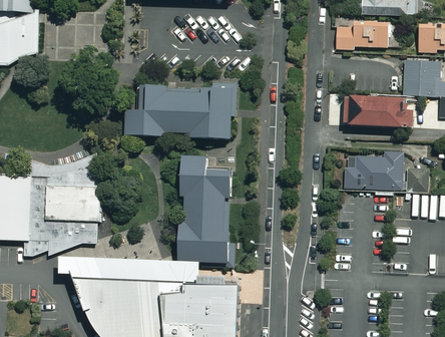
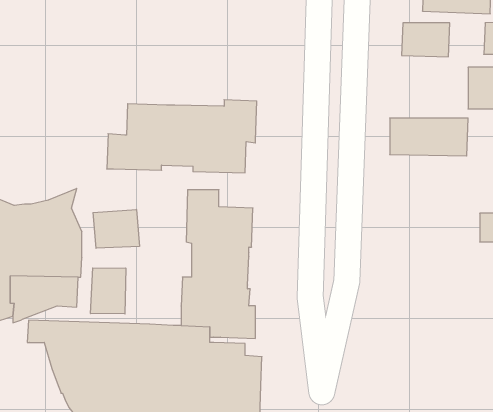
building: [344,150,402,191] -> none
building: none -> [93,209,139,248]
building: none -> [91,268,126,314]

